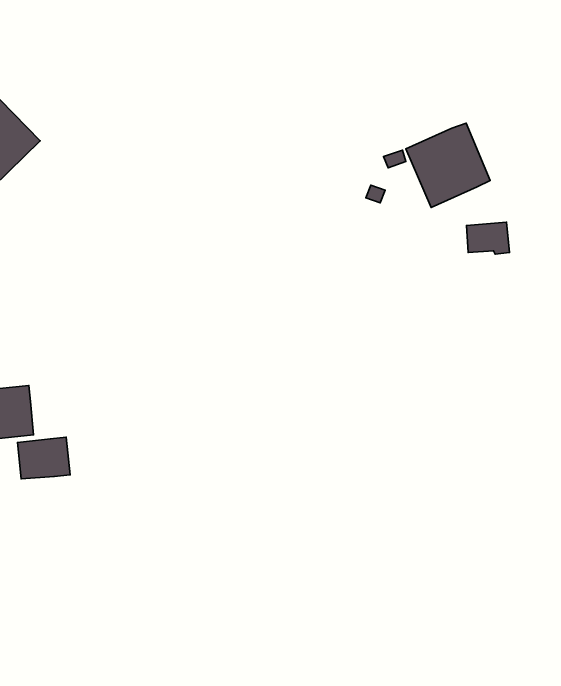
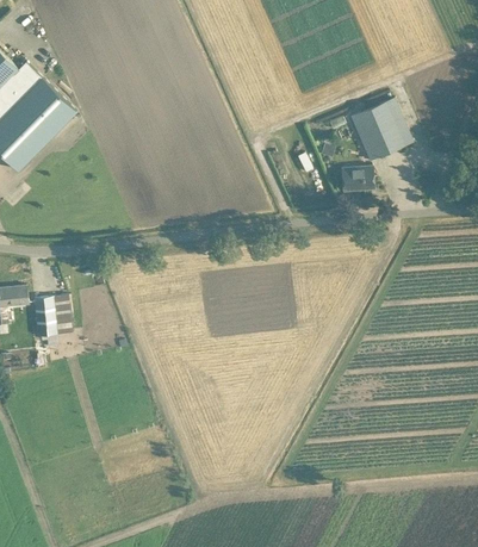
building: [467,222,510,254] -> [341,166,373,189]
building: [17,437,70,479] -> none

